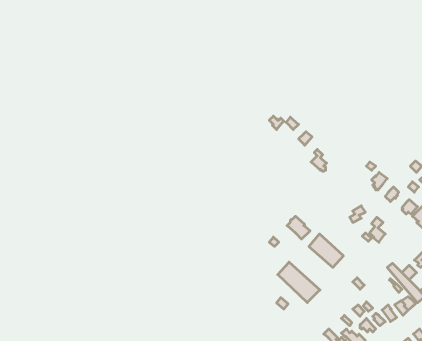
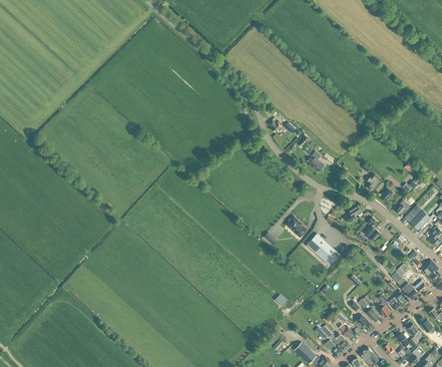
building: [278,262,320,303] -> none

